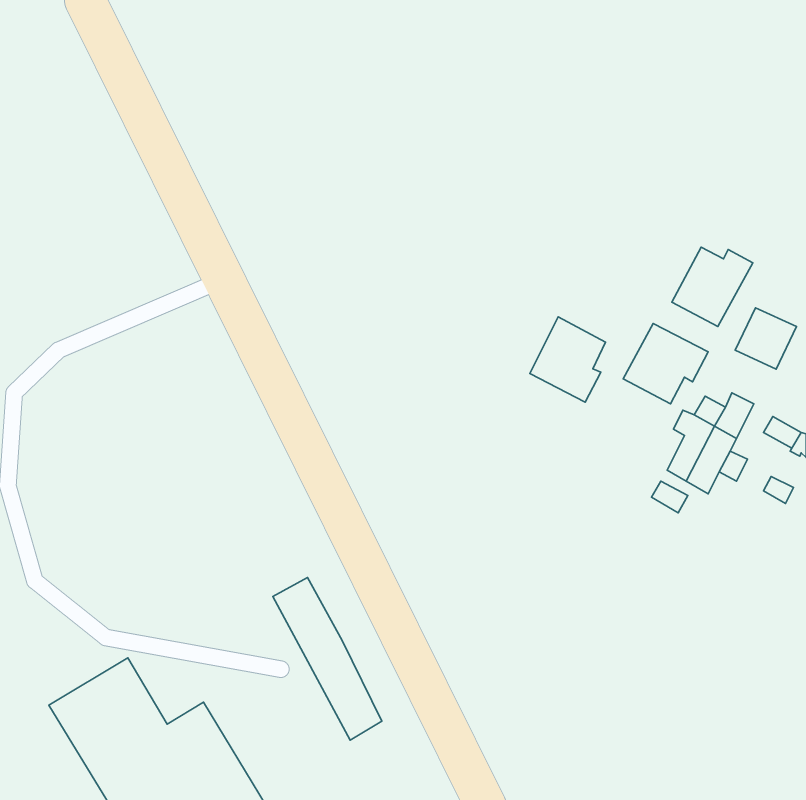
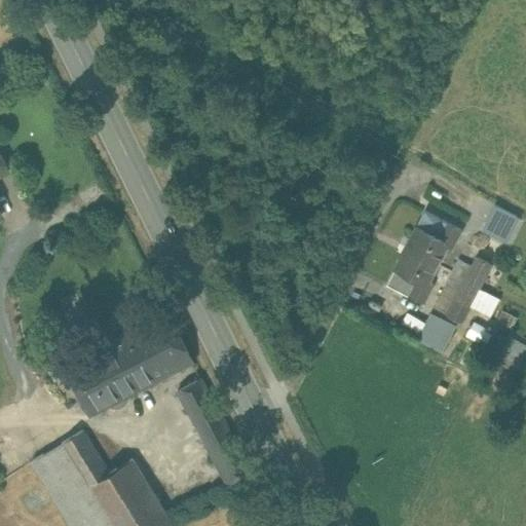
building: [672,247,753,326] -> none
building: [530,317,606,402] -> [387,251,437,306]
building: none -> [67,316,192,415]

